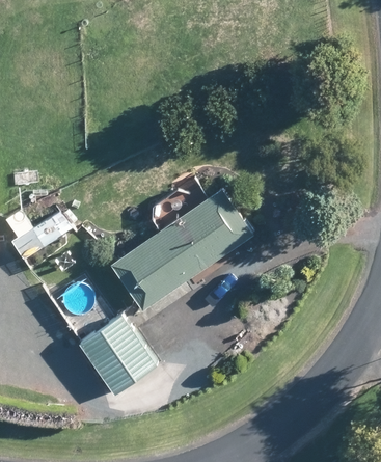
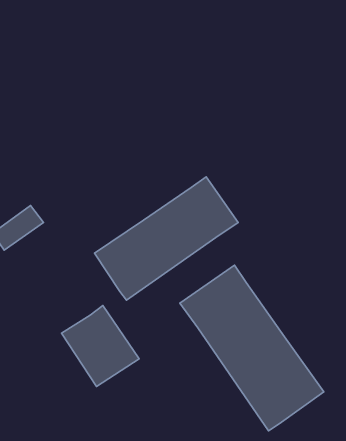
building: none -> [180,265,324,431]

